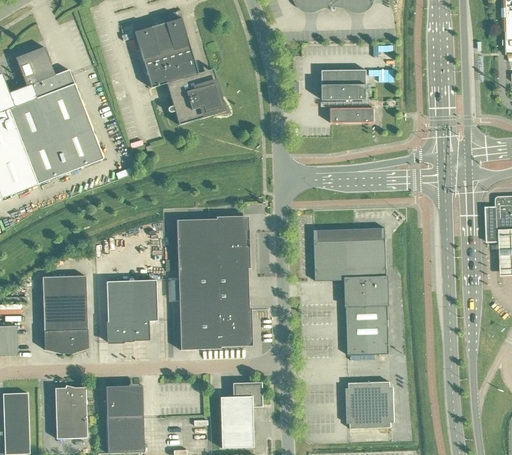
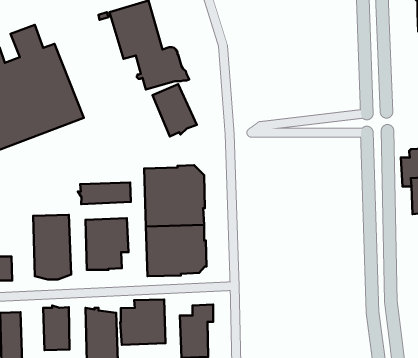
building: [322,69,375,122] -> none
building: none -> [152,84,197,136]
building: [311,227,389,354] -> none
building: none -> [78,182,131,204]
building: none -> [120,300,166,345]
building: [346,381,394,428] -> none

